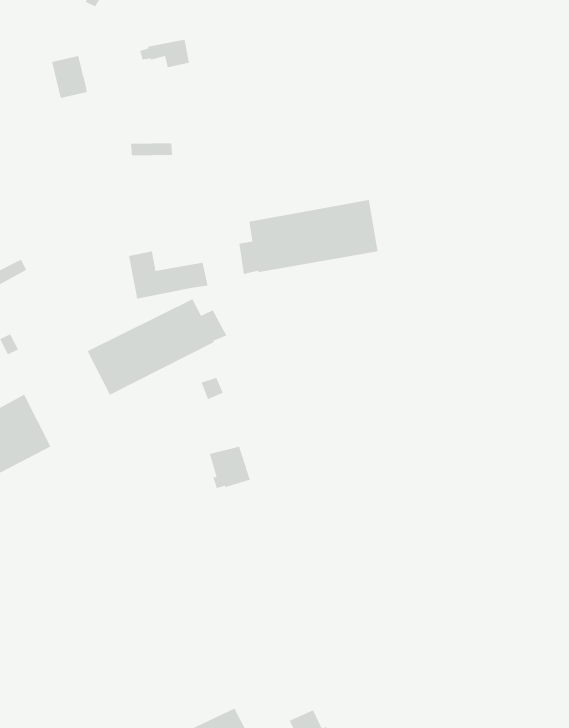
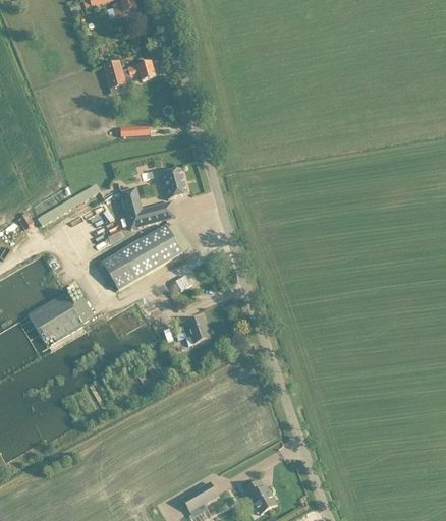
building: [51,55,88,99] -> [102,59,126,88]
building: [238,199,379,275] -> none
building: none -> [161,167,186,197]

